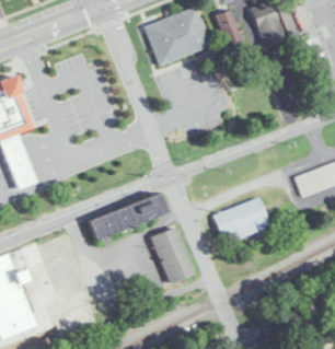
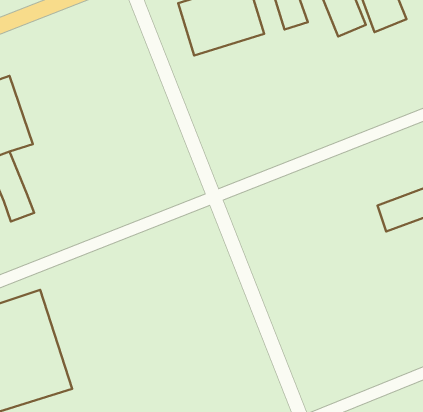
building: [89,193,166,239] -> none
building: [213,197,272,244] -> none
building: [151,226,194,282] -> none

